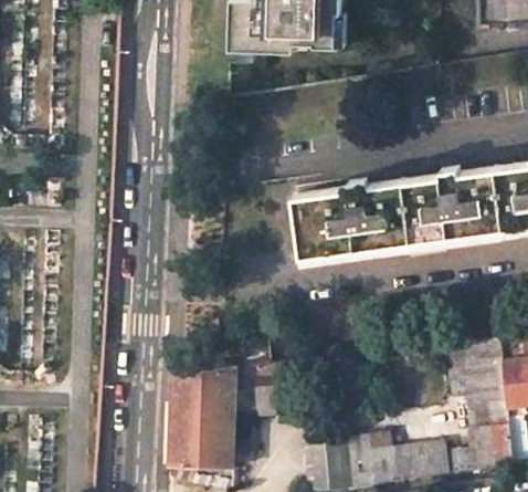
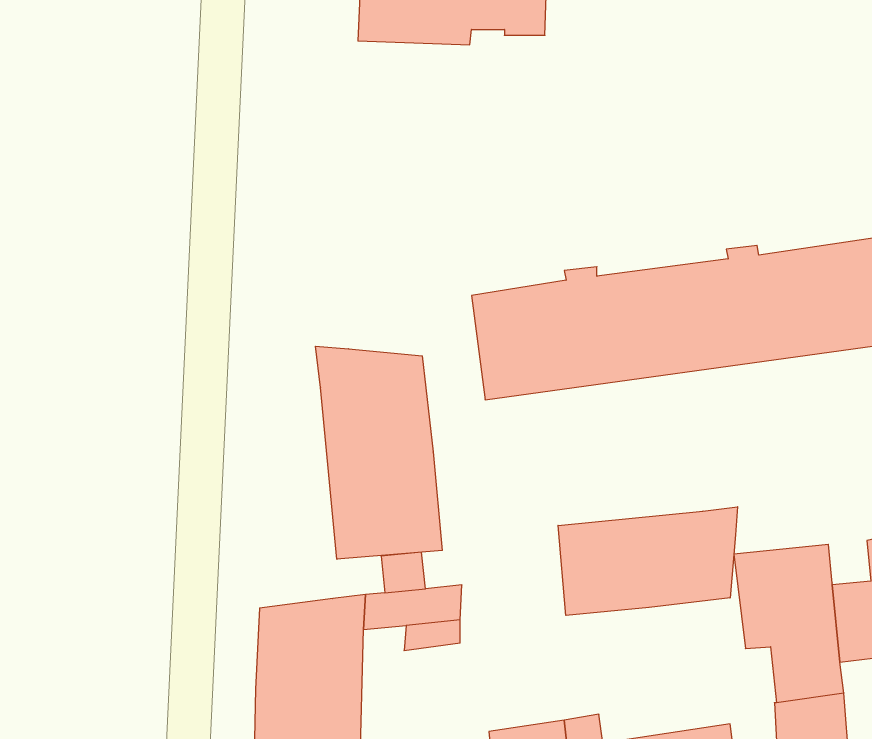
building: none -> [316,346,442,559]
building: none -> [558,507,738,615]

